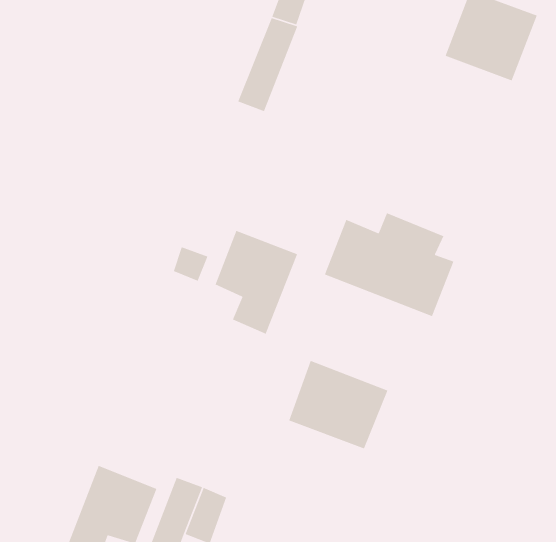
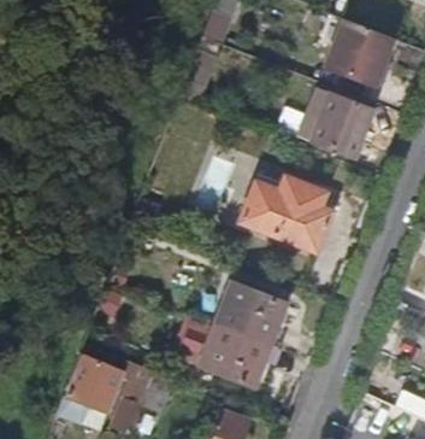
building: none -> [296,86,371,154]
building: [214,230,298,335] -> none
building: none -> [197,323,268,385]

